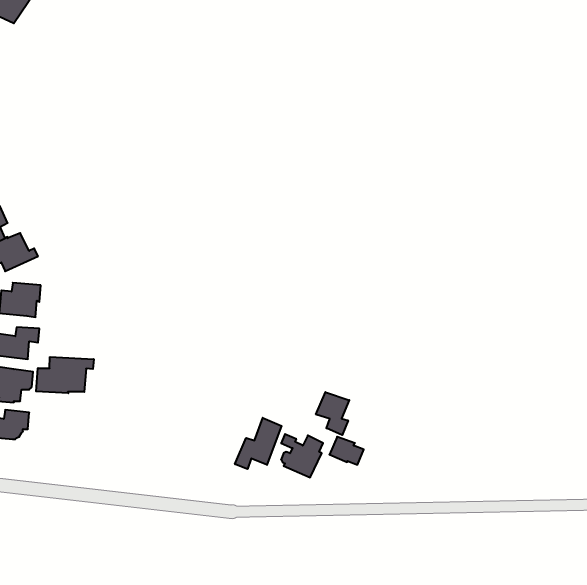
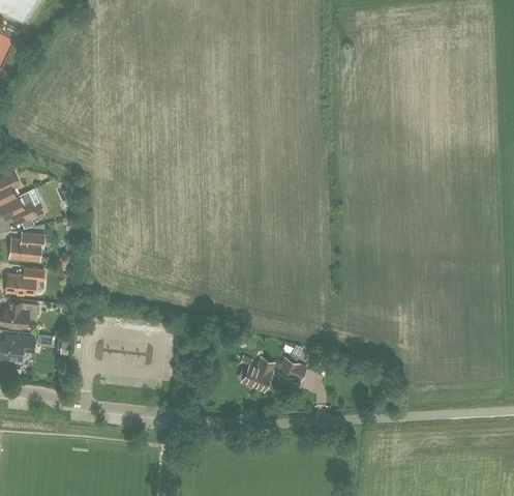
building: [36,357,94,393] -> none
building: [316,392,349,435] -> none
building: [235,418,282,469] -> none

